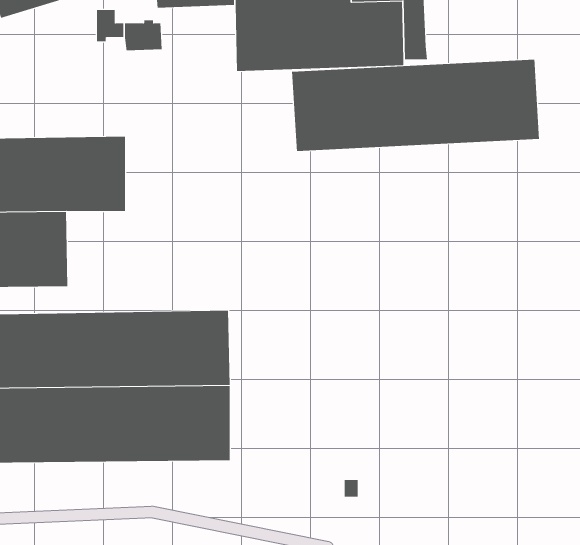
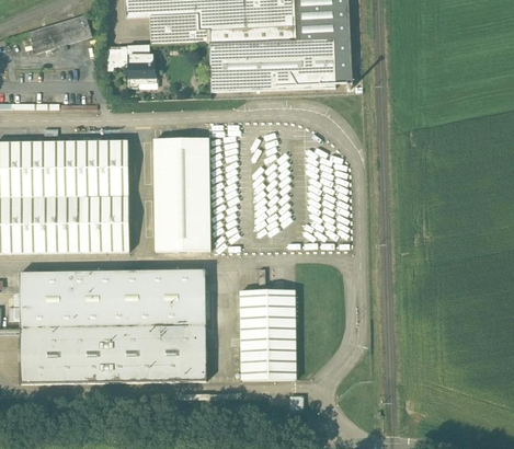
building: [292,59,540,152] -> none
building: none -> [152,137,209,250]
building: none -> [83,195,128,251]
building: none -> [239,289,295,379]

